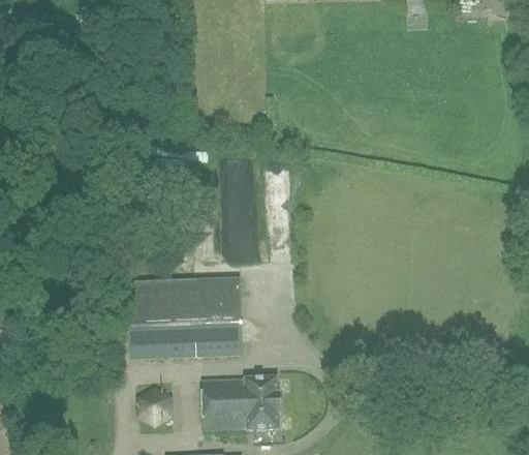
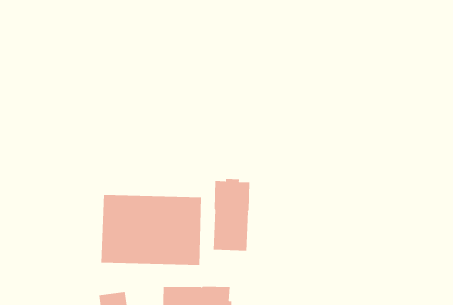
building: none -> [213,178,250,252]

